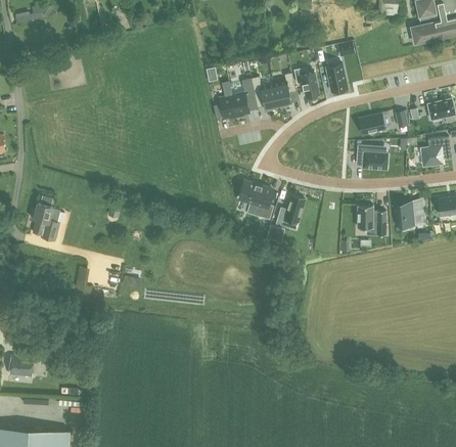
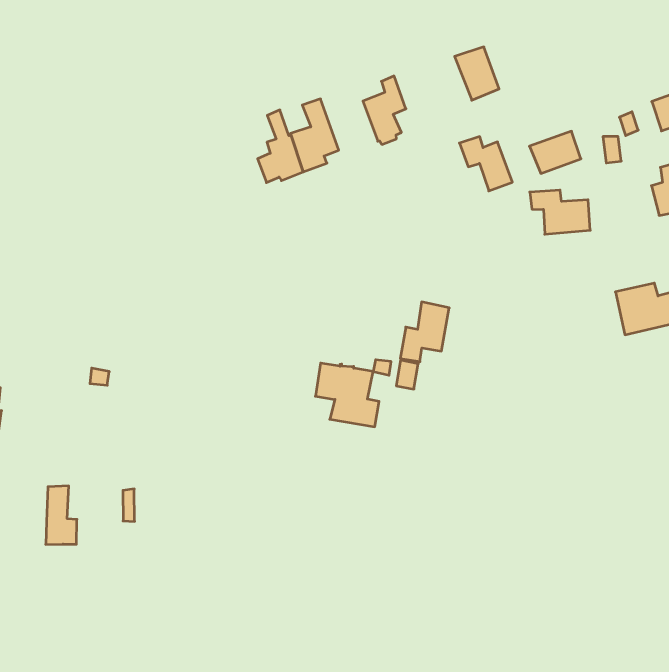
building: [291,69,317,98] -> [459,137,512,191]
building: [250,76,278,109] -> none
building: [239,181,273,219] -> [315,363,379,427]
building: [358,205,386,235] -> none

